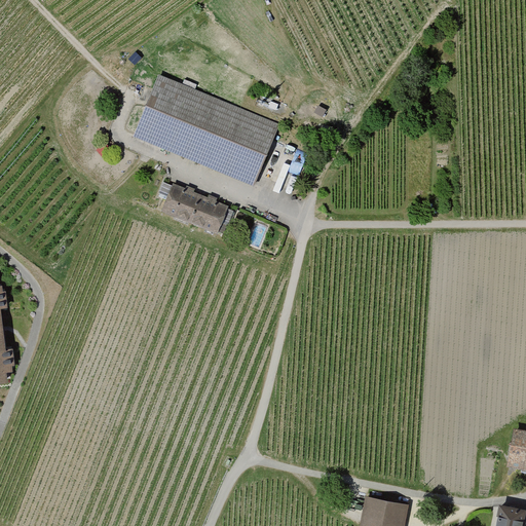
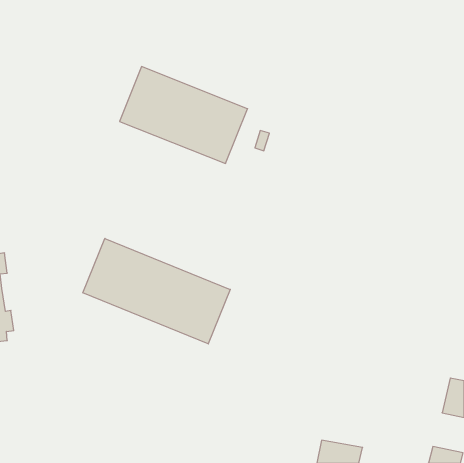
building: [161,183,228,233] -> none
building: none -> [83,238,230,344]

